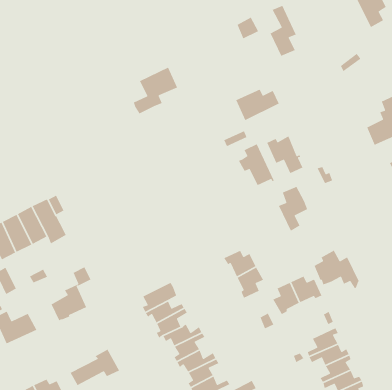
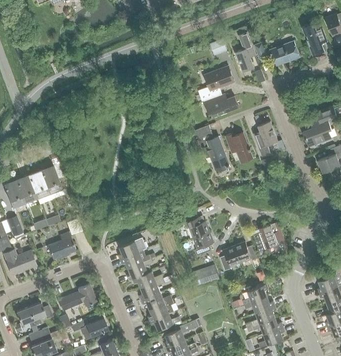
building: none -> [255,41,299,65]
building: [133,67,178,115] -> [198,65,234,100]
building: [278,186,308,232] -> [254,121,277,156]

